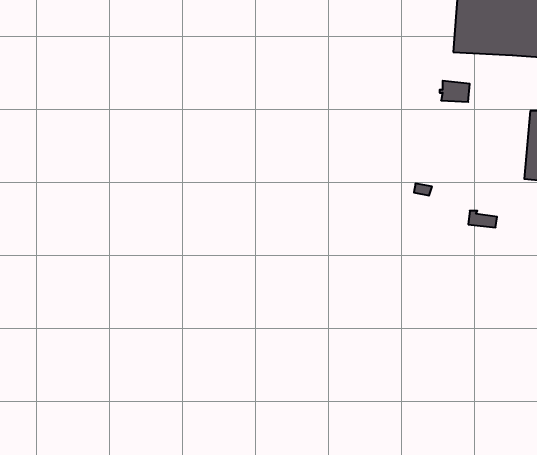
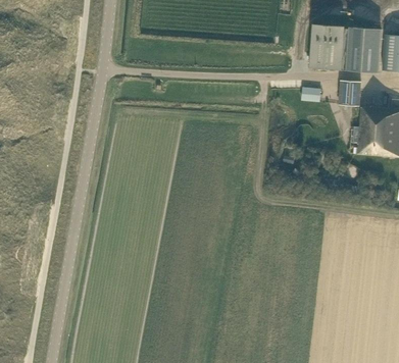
building: none -> [339,80,361,105]

